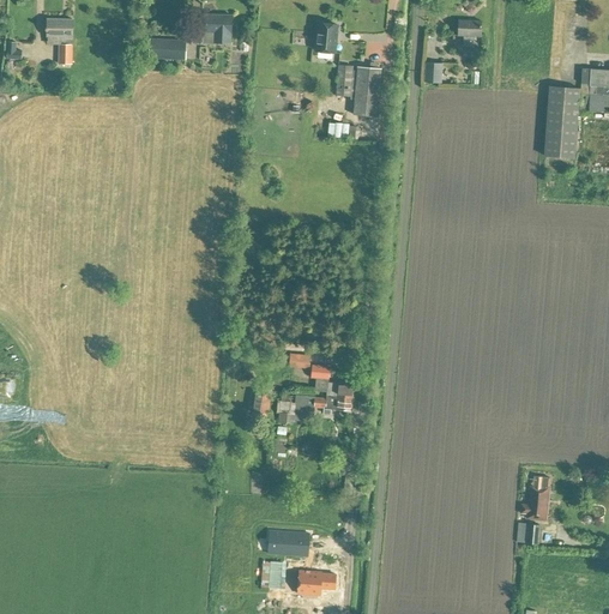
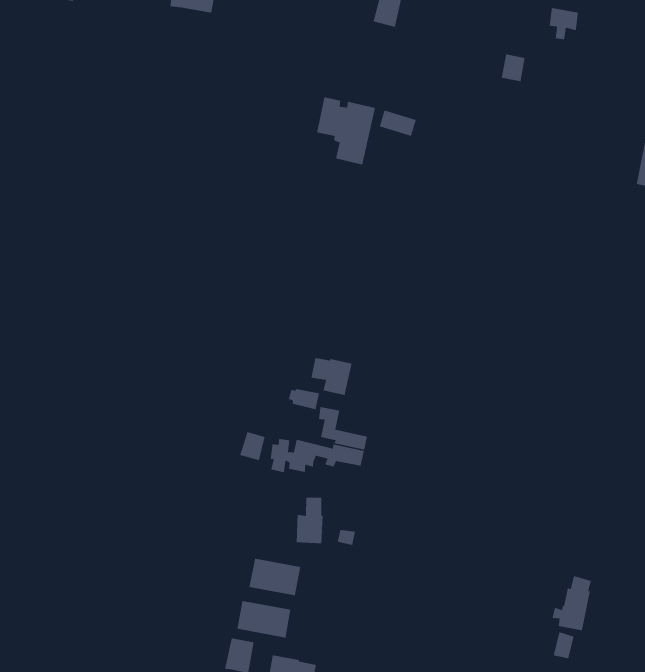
building: [336,65,381,116] -> [316,97,376,165]
building: none -> [311,357,352,396]
building: none -> [296,497,323,544]
building: none -> [249,558,301,596]

